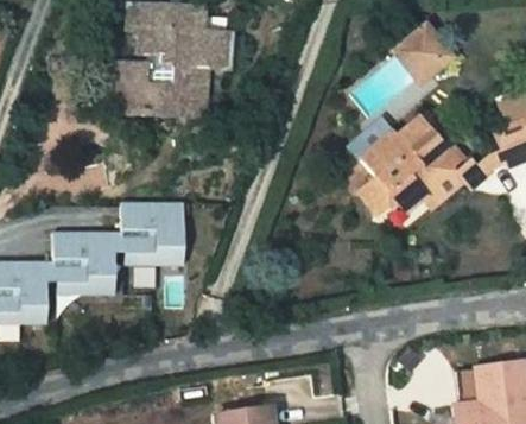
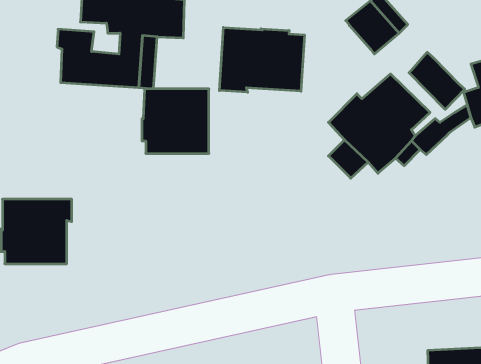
building: none -> [219,27,304,92]
building: none -> [409,52,465,109]
building: [122,200,186,261] -> [142,89,209,153]

